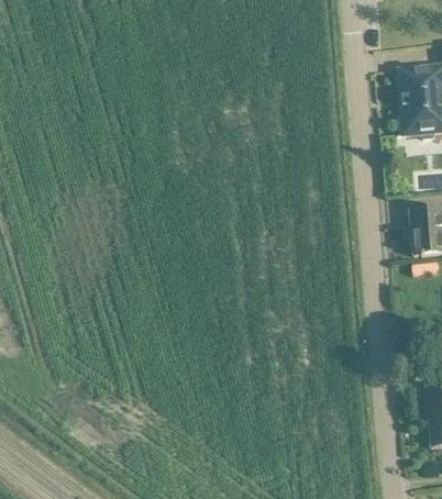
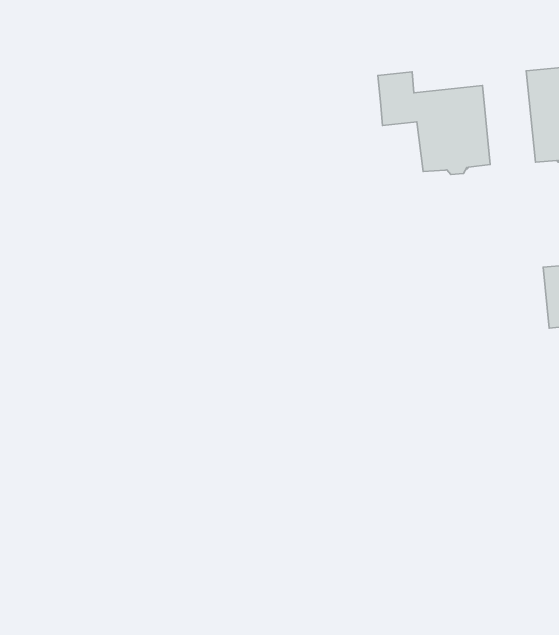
building: none -> [378,72,490,174]

